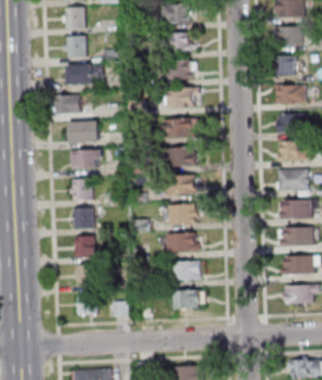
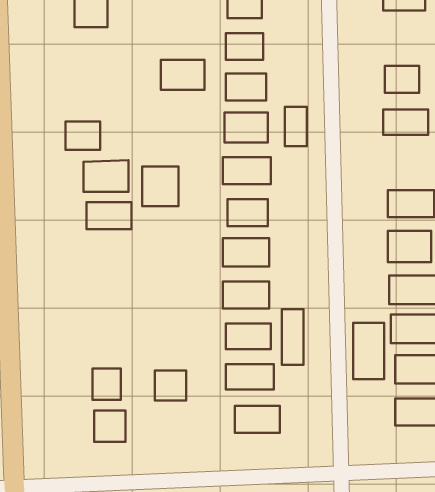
building: [276,28,302,45] -> none
building: [64,36,88,57] -> none
building: [67,64,97,85] -> [161,60,204,90]
building: none -> [285,107,307,146]
building: [277,114,307,132] -> none
building: none -> [142,167,178,206]
building: [71,179,94,199] -> none
building: [73,208,94,229] -> none
building: none -> [282,309,303,365]
building: none -> [353,323,384,379]
building: [75,236,97,257] -> [155,371,186,401]

